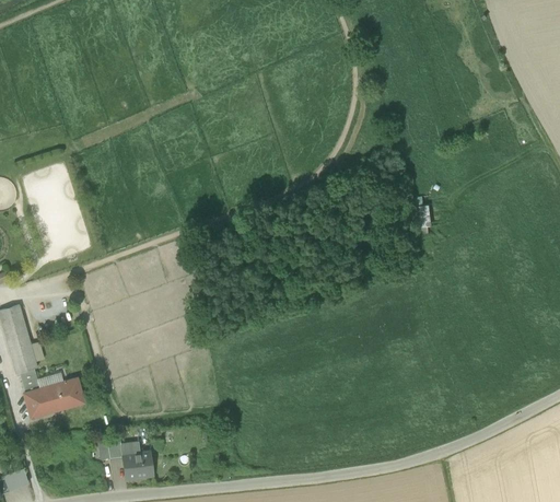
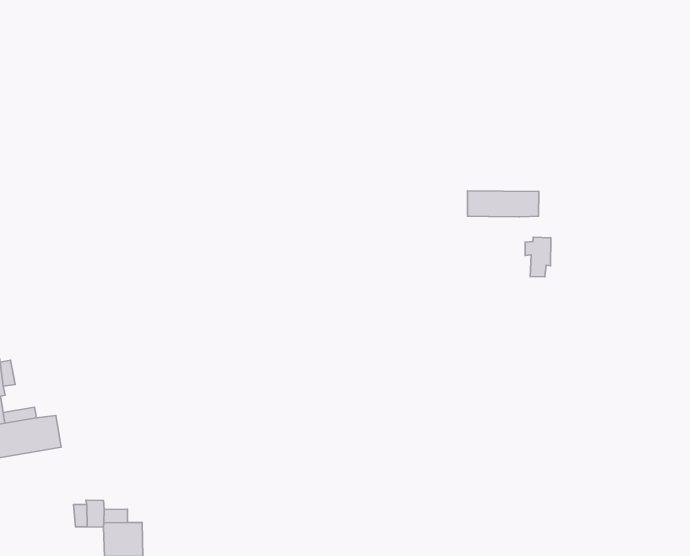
building: none -> [467,191,539,217]

